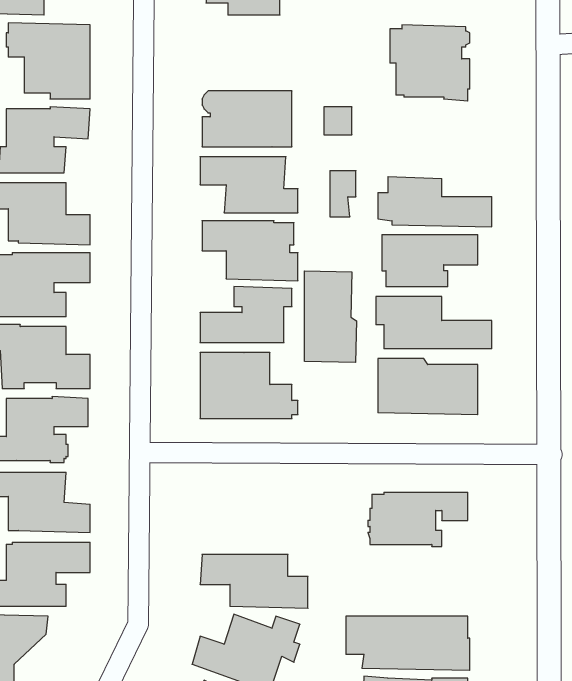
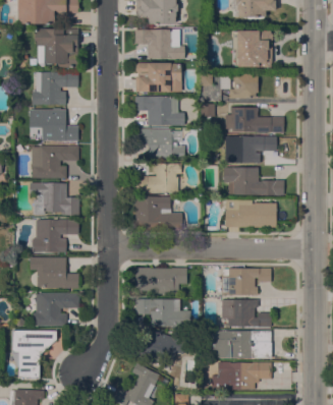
building: none -> [134,30,184,59]
building: none -> [220,73,258,101]
building: [305,271,356,362] -> none
building: none -> [135,268,186,293]
building: none -> [216,299,271,327]

